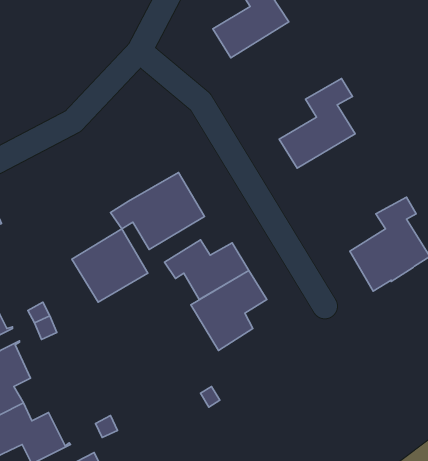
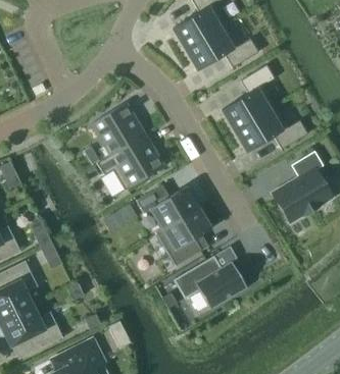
building: none -> [185,23,258,70]
building: none -> [234,106,307,152]
building: [72,229,148,302] -> [90,102,146,156]
building: none -> [173,256,246,310]

